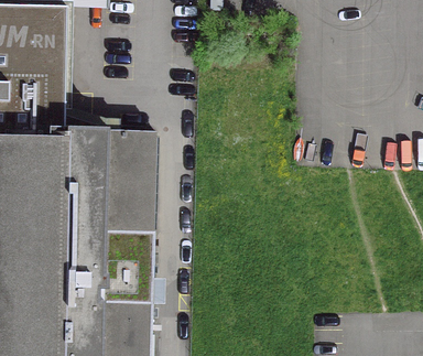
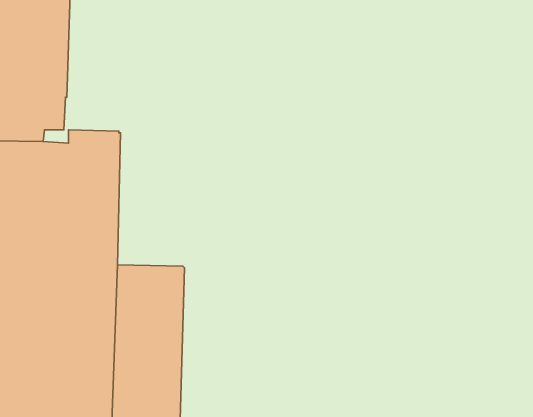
building: [105,130,155,229] -> none

